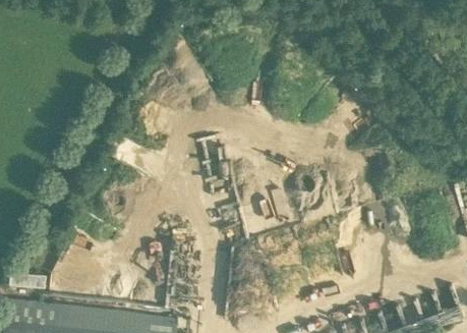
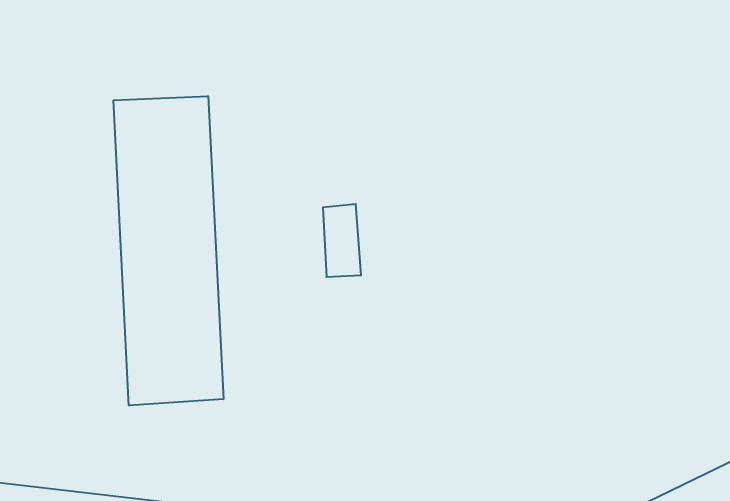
building: none -> [114,96,223,406]

